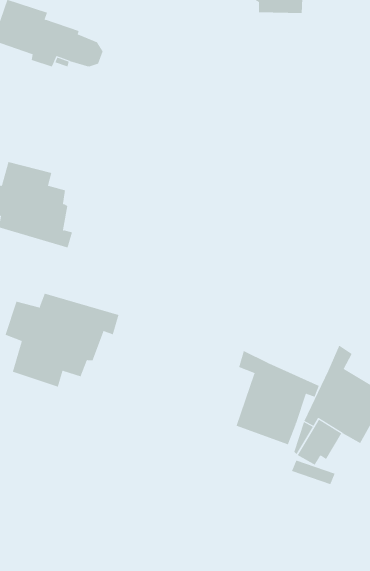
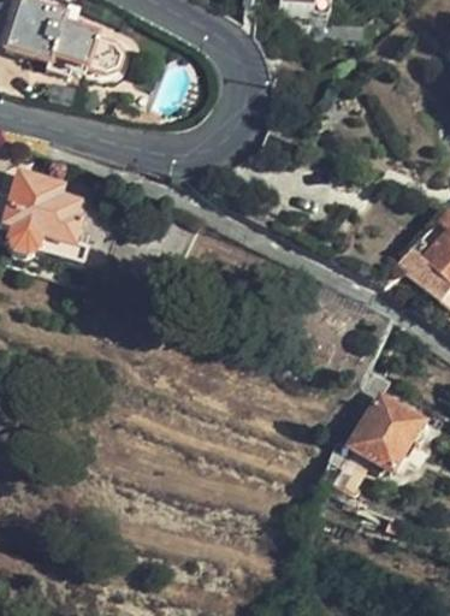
building: [5,293,119,387] -> none
building: [236,350,319,445] -> none

